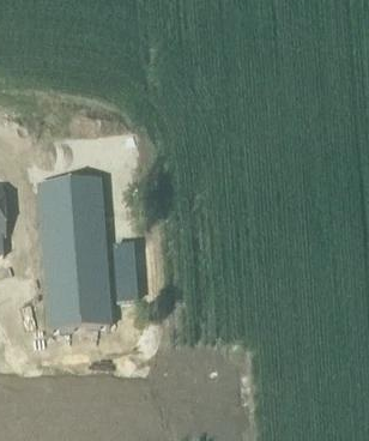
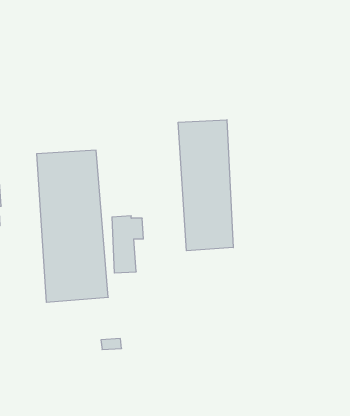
building: none -> [178,120,233,251]

